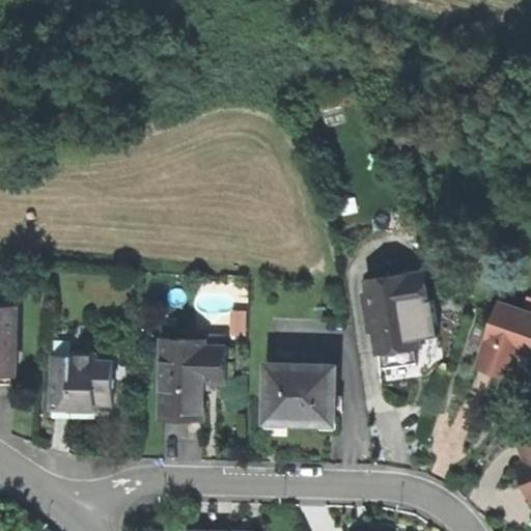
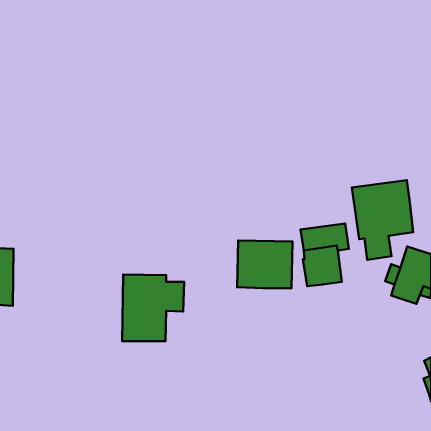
building: none -> [352,180,413,260]
building: [59,356,118,411] -> none
building: [267,365,334,423] -> [237,241,292,288]

